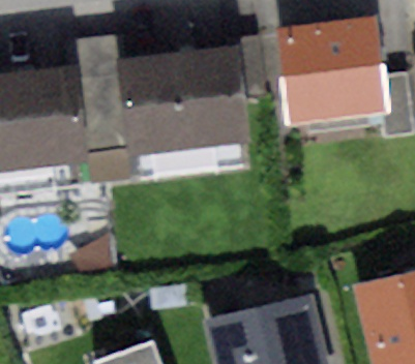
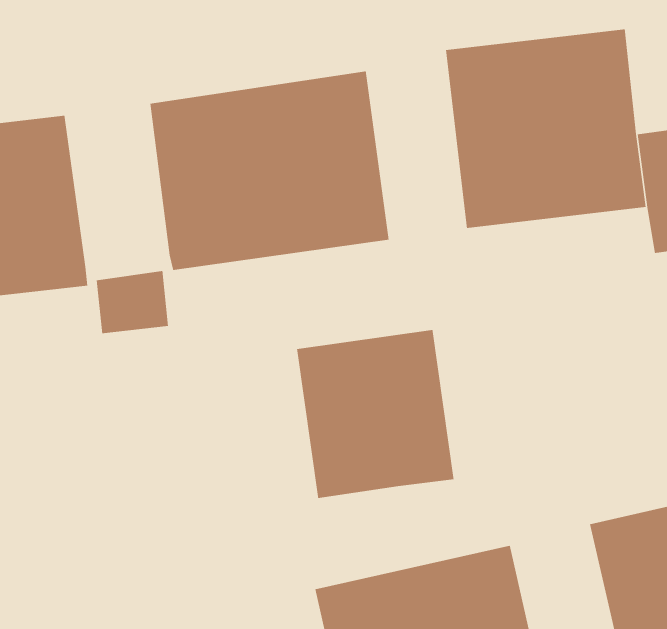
building: [70,34,129,148] -> none
building: none -> [297,329,454,499]

